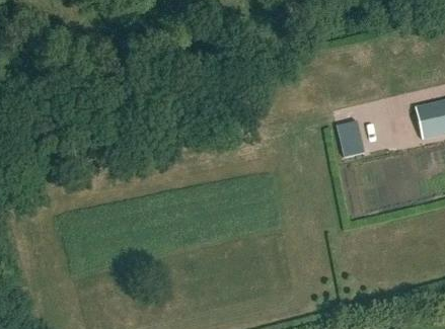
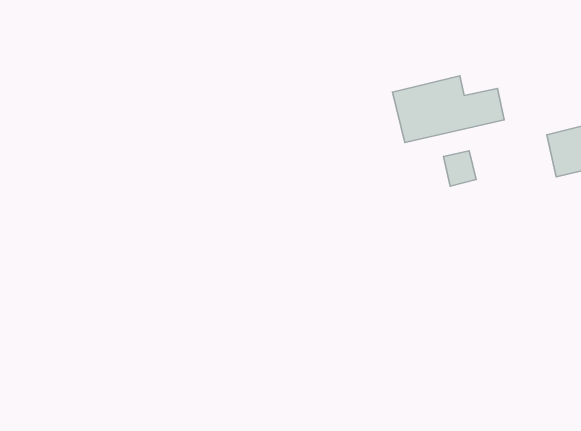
building: none -> [392,76,504,142]

